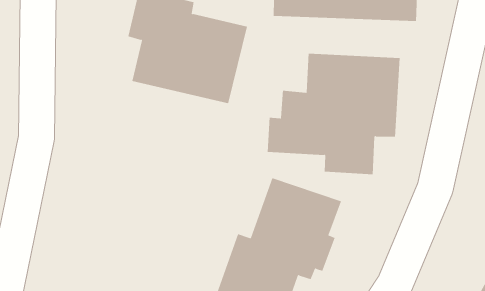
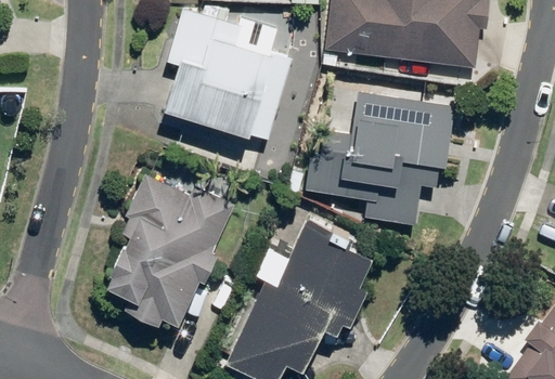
building: none -> [107,174,232,324]

